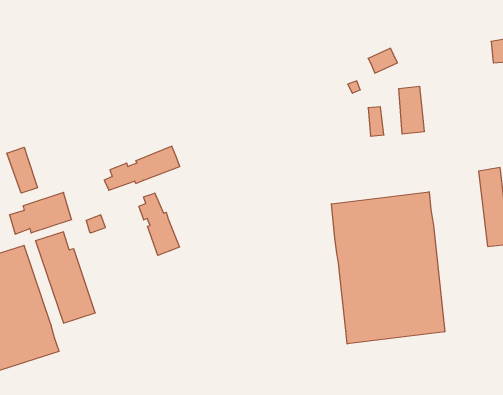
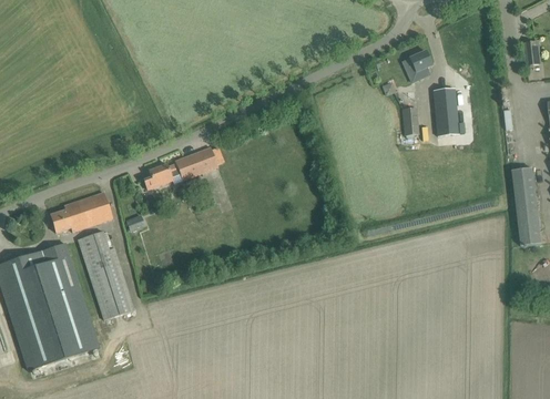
building: [7,147,38,193] -> none
building: [331,192,445,344] -> none
building: [139,193,179,255] -> none

